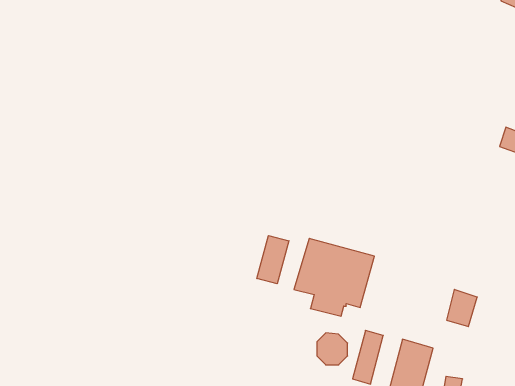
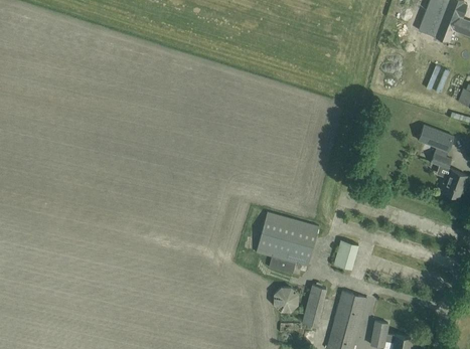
building: [257,236,289,284] -> none
building: [447,289,477,327] -> [334,239,358,269]

